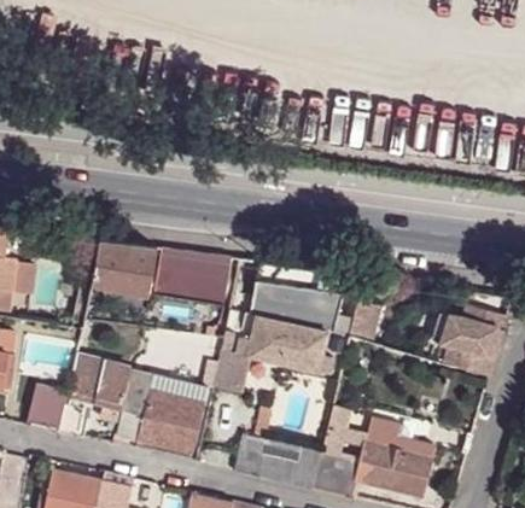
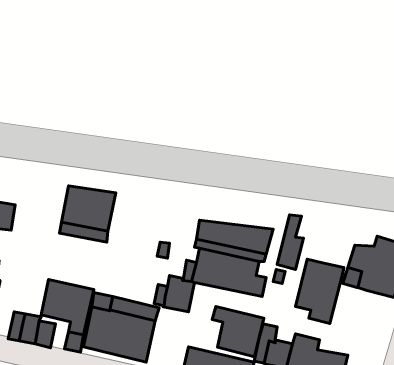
building: [153,251,233,305] -> none
building: none -> [296,259,344,323]
building: none -> [212,307,264,357]

